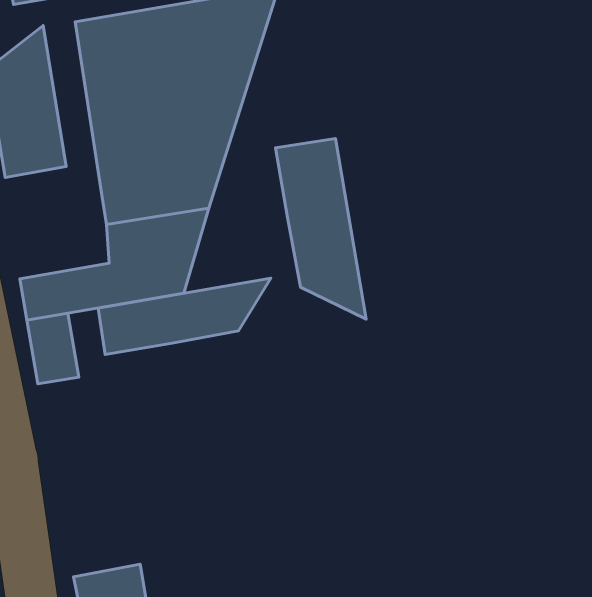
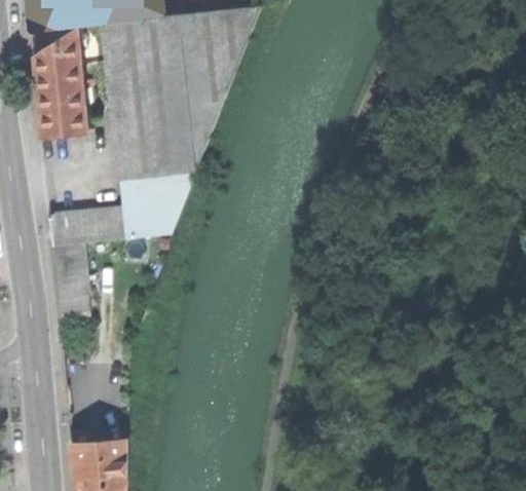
building: [276,139,366,319] -> none
building: [98,278,271,354] -> none

